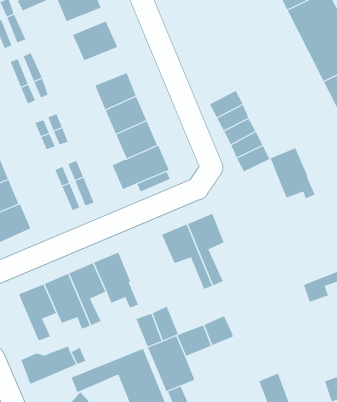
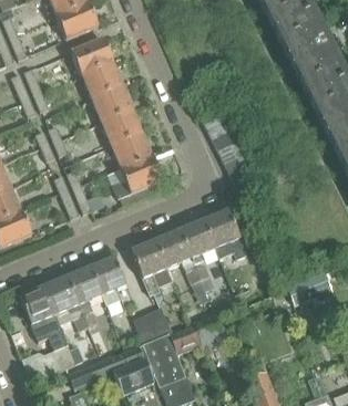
building: none -> [82,63,123,98]
building: [270,148,316,199] -> [204,209,247,258]
building: none -> [131,239,173,293]

